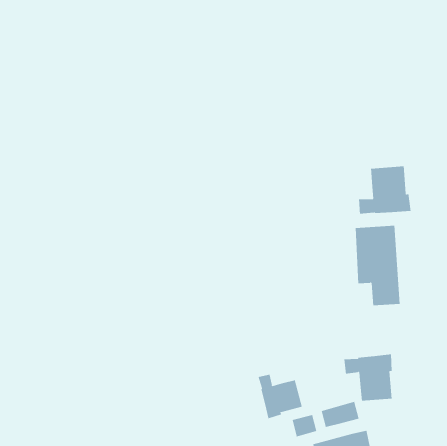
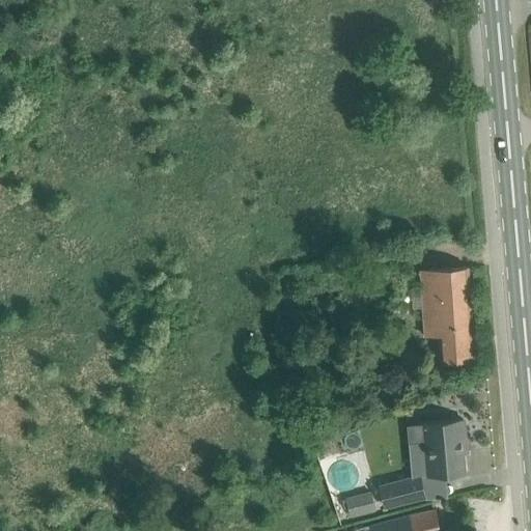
building: [359,165,411,215] -> none
building: [258,374,303,419] -> none

